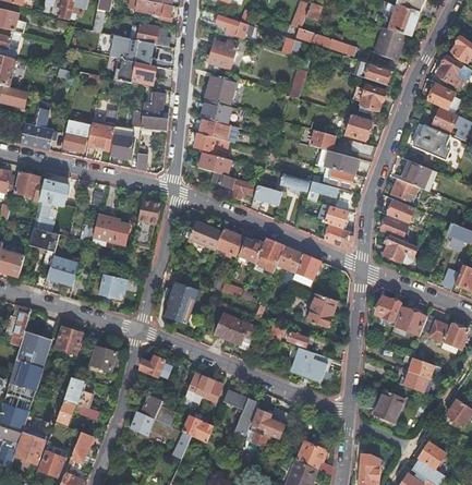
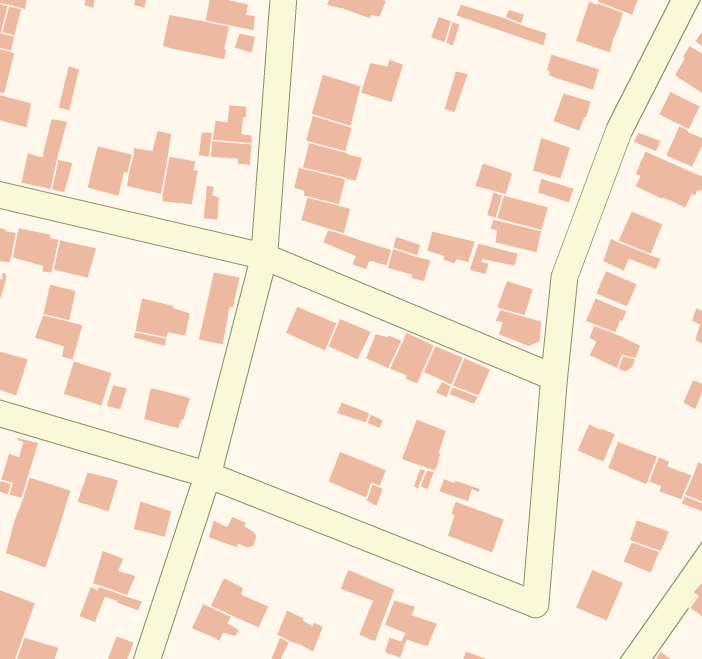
building: [208,39,237,68] -> [360,59,404,103]
building: [113,58,156,82] -> none
building: [165,289,196,324] -> none
building: [307,294,337,328] -> [401,419,447,471]
building: [182,373,222,411] -> none

